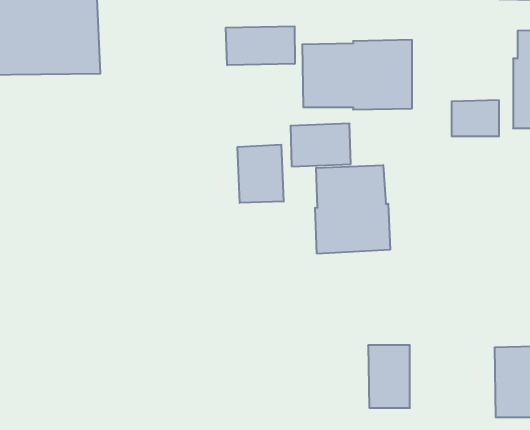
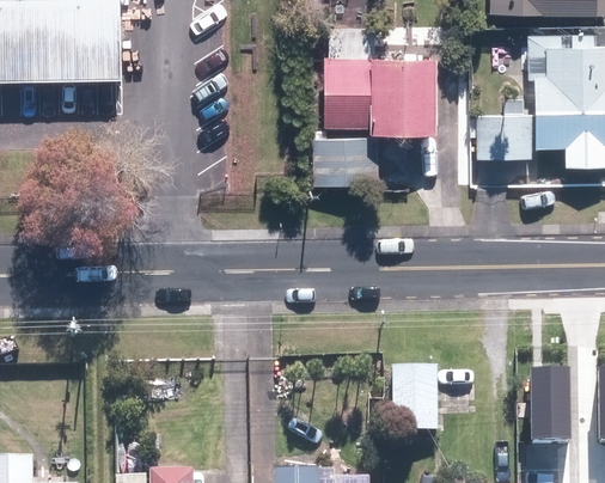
building: [226,26,295,65] -> none
building: [238,145,284,203] -> none
building: [315,165,390,254] -> none

